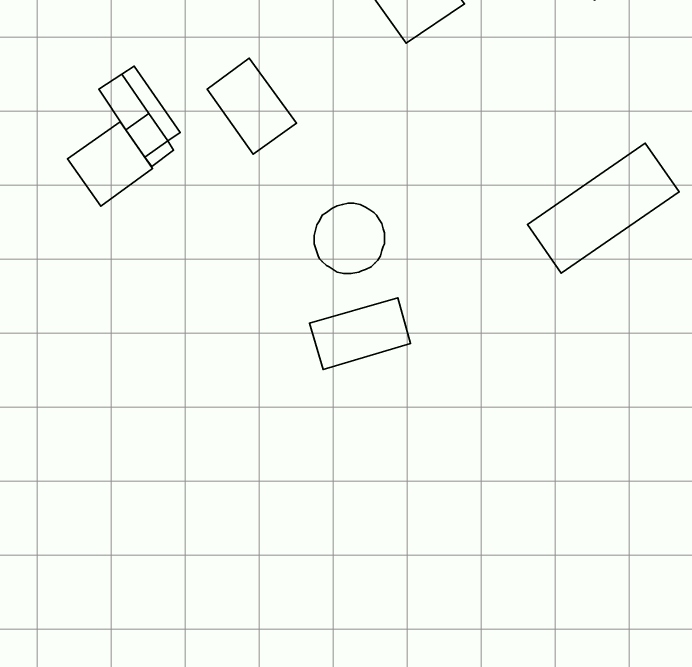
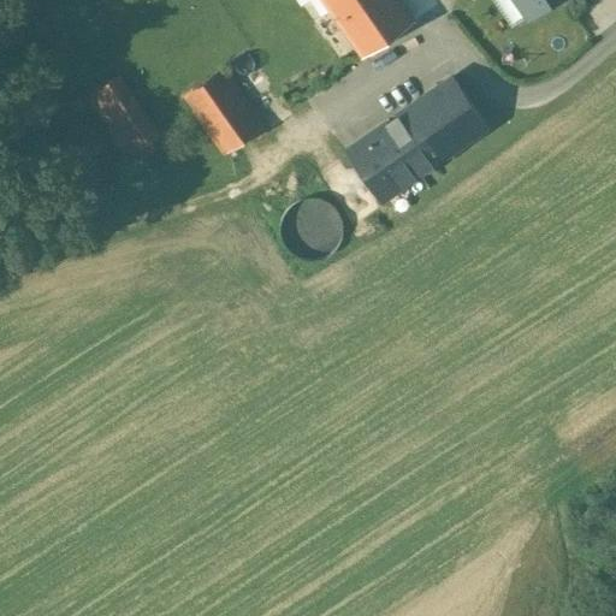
building: [67,122,153,206] -> none
building: [527,143,679,273] -> [349,78,484,194]
building: [310,298,410,370] -> none

